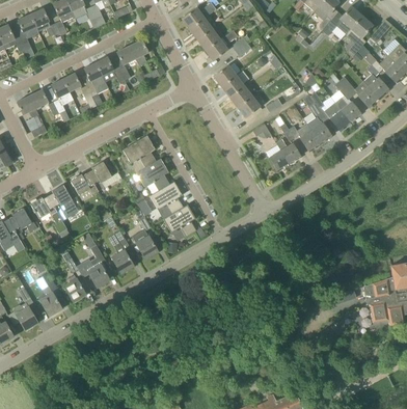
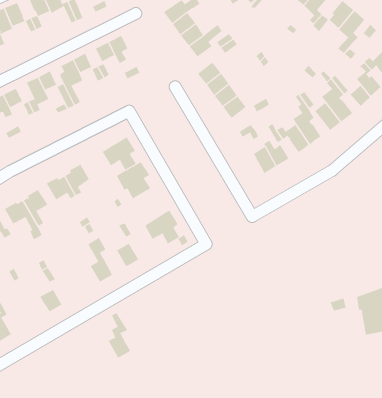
building: [150,182,183,214] -> none
building: [87,244,109,288] -> [108,312,131,358]
building: [35,272,61,316] -> none

